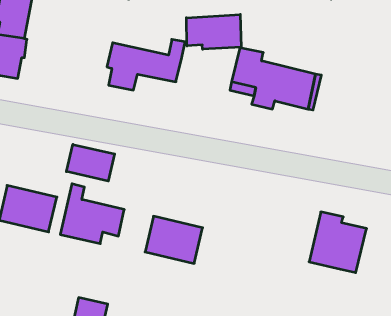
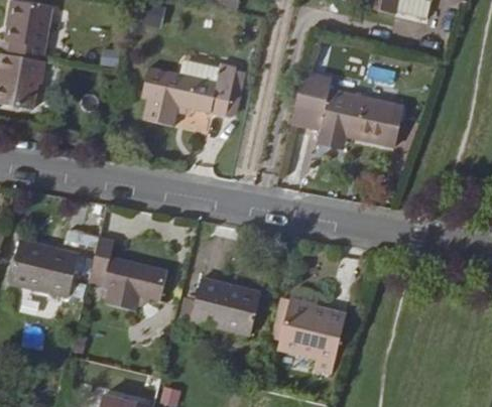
building: [186,14,241,49] -> none
building: [66,144,115,181] -> none
building: [309,212,367,273] -> [275,295,345,369]

